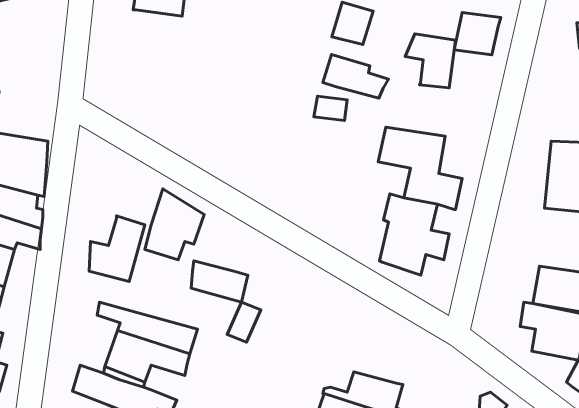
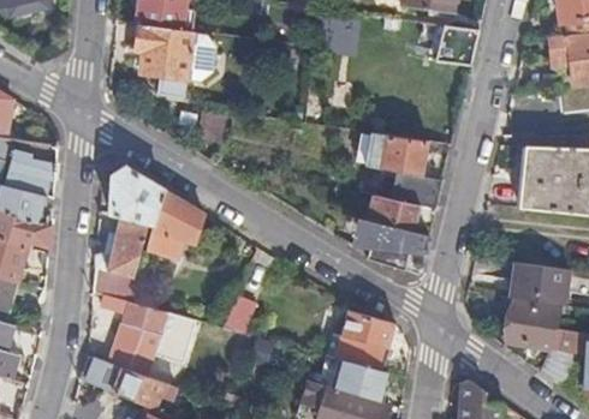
building: none -> [136,23,213,97]
building: [405,34,456,88] -> none
building: [323,54,388,98] -> none
building: none -> [109,166,163,223]
building: [191,261,248,302] -> [93,267,145,305]
building: none -> [334,310,393,371]

